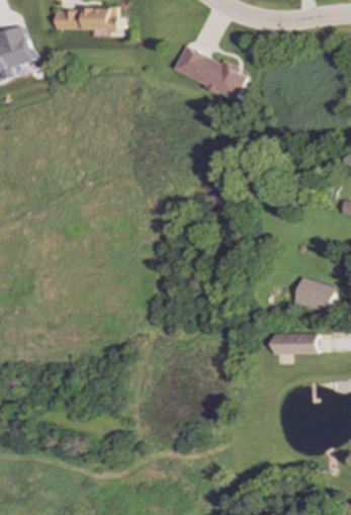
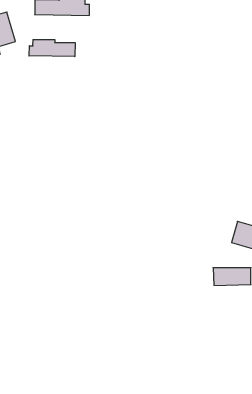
building: [172,47,246,99] -> none
building: none -> [29,40,75,57]

